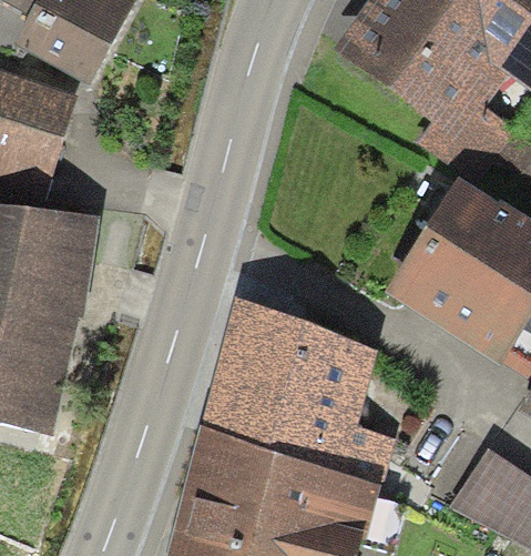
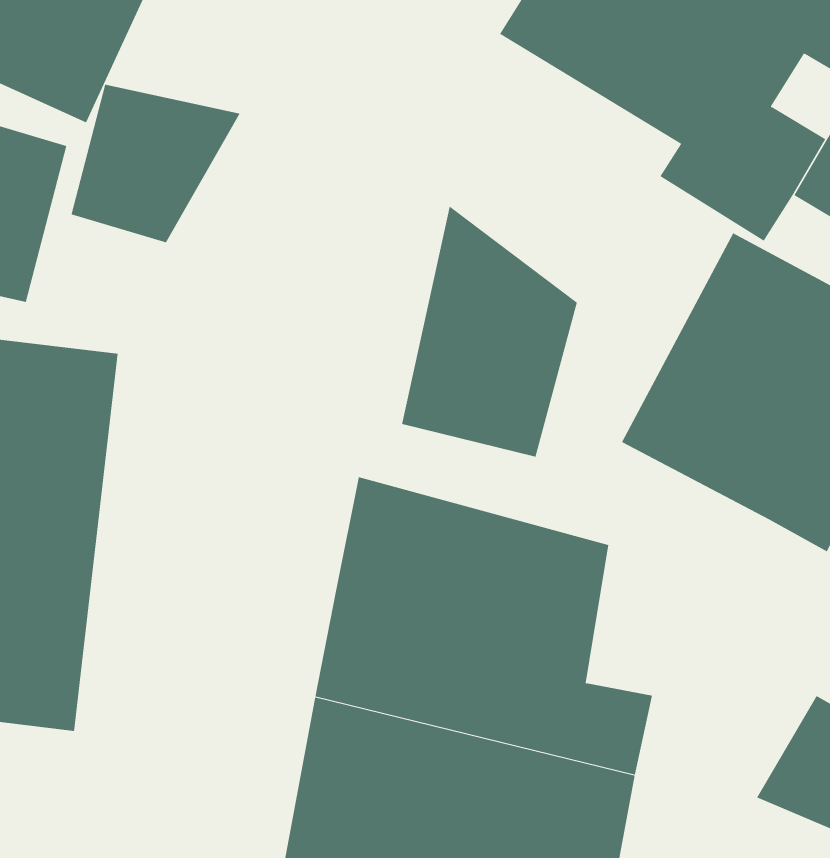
building: none -> [71,84,240,243]
building: none -> [401,205,578,457]

